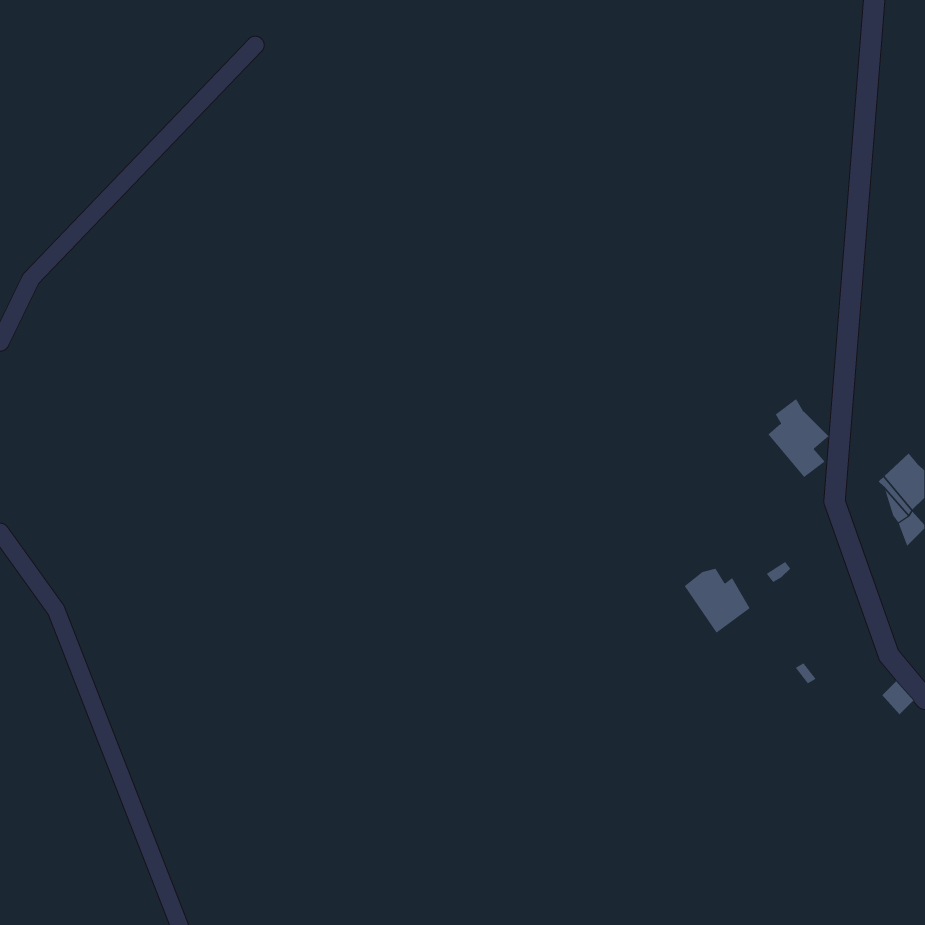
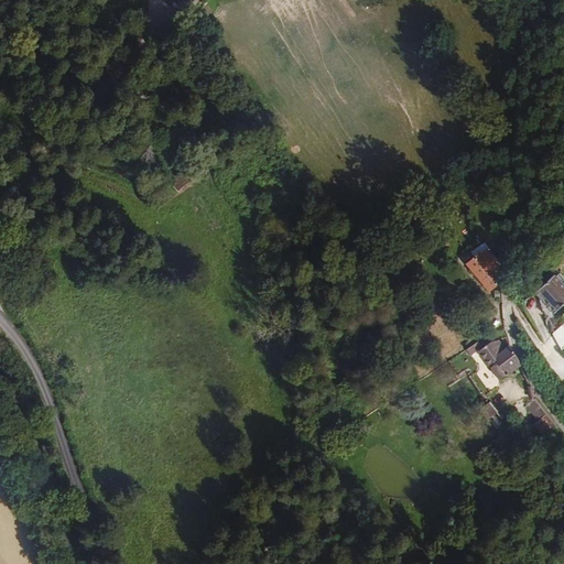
building: [684,568,751,633] -> [479,340,520,380]

